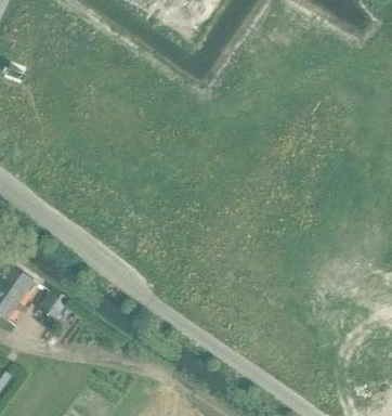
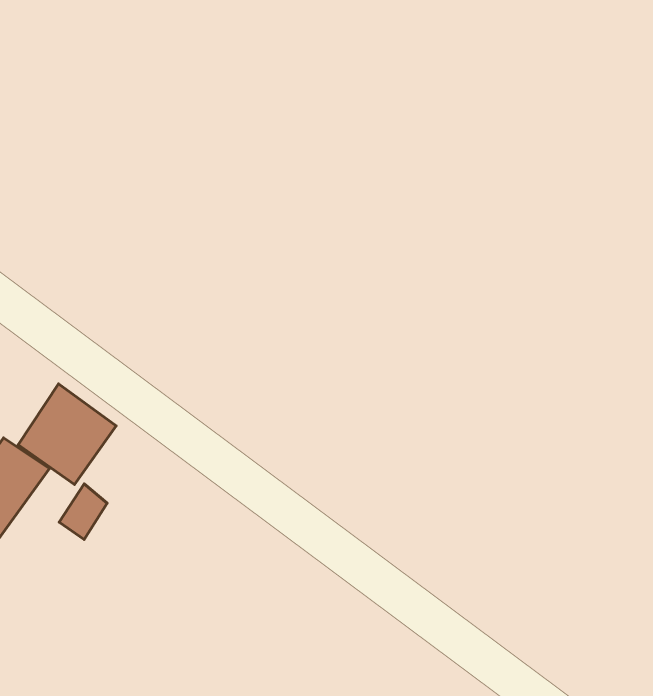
building: none -> [18,384,116,485]

